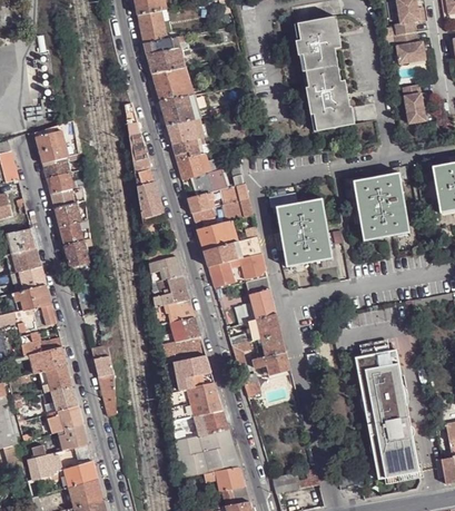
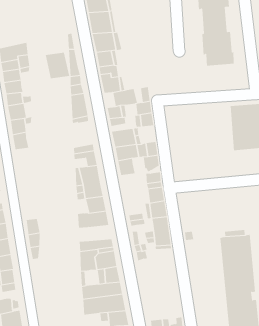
building: none -> [45,52,70,79]
building: [276,198,332,266] -> none
building: [178,355,211,379] -> none

